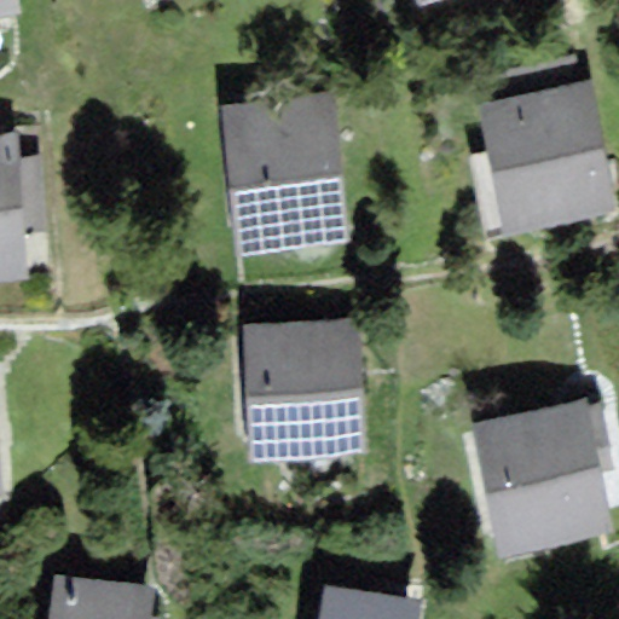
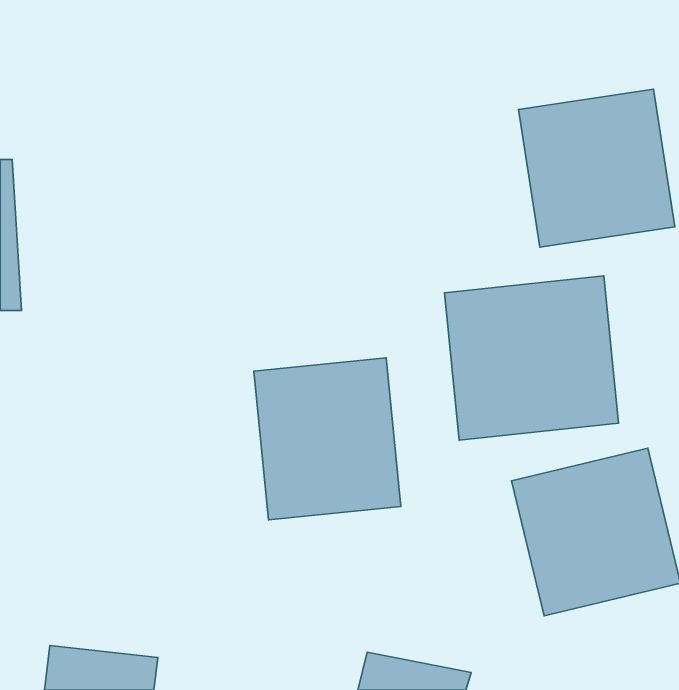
building: [224,105,349,253] -> none
building: none -> [445,276,619,440]

